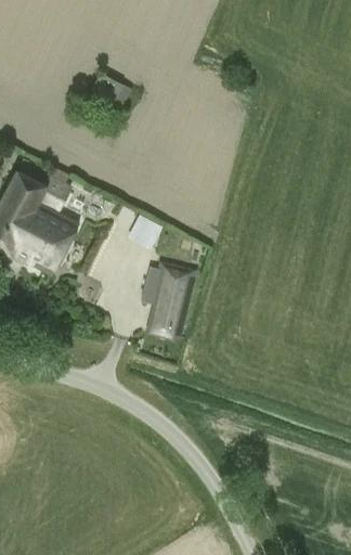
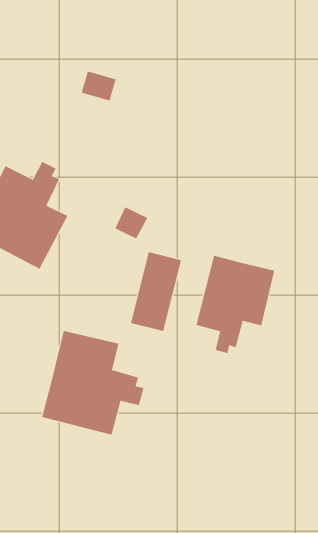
building: none -> [196,255,275,354]
building: none -> [42,330,144,436]

